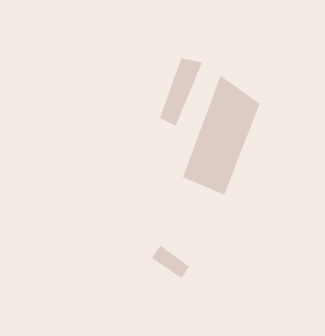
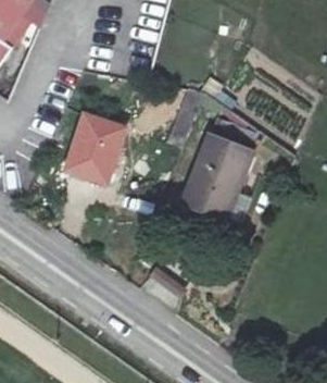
building: none -> [66,113,124,182]

